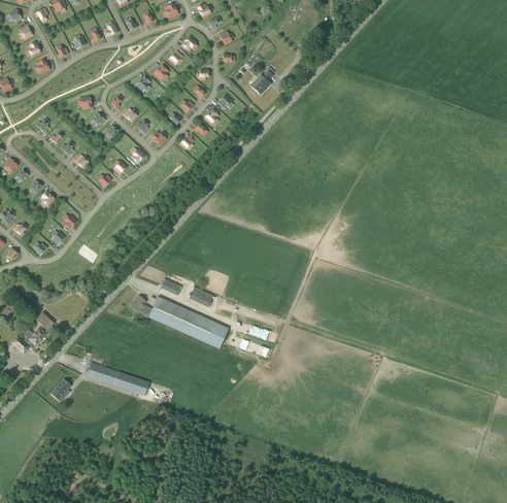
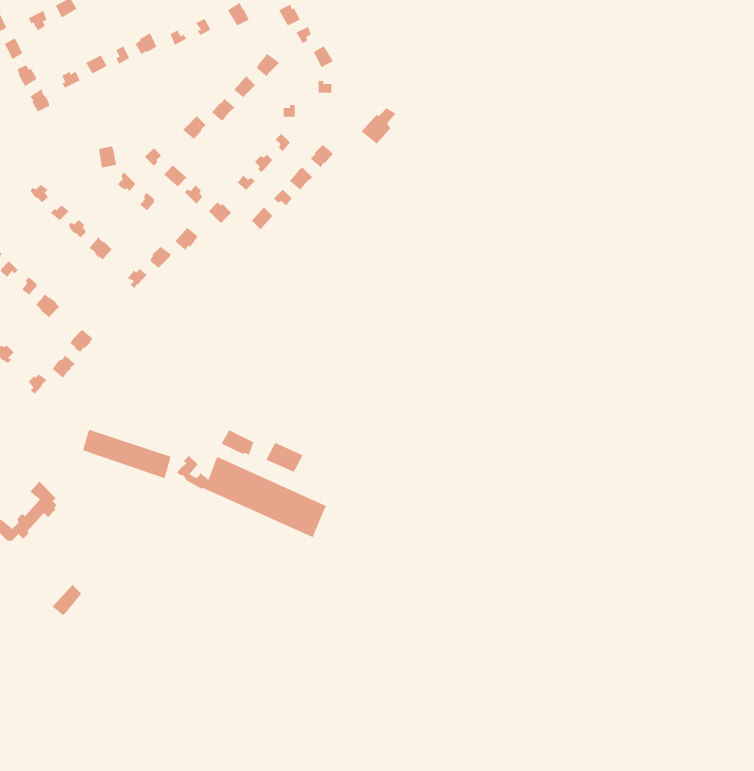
building: [87,362,144,394] -> [82,429,172,479]

